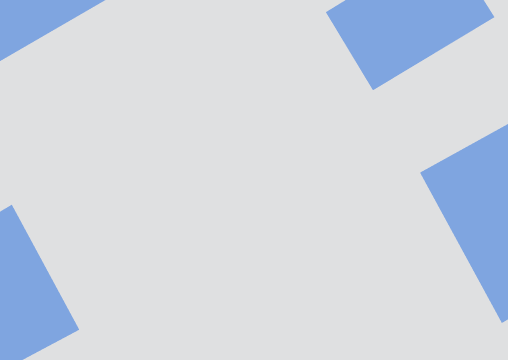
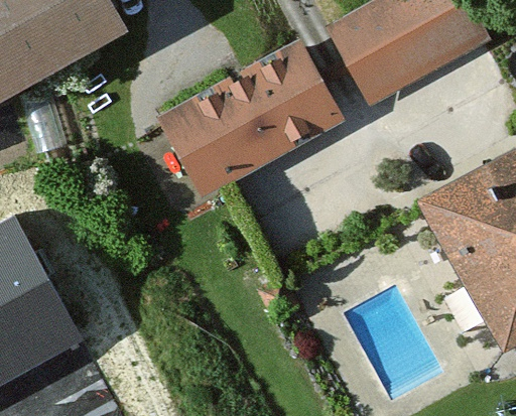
building: none -> [161,37,343,193]

